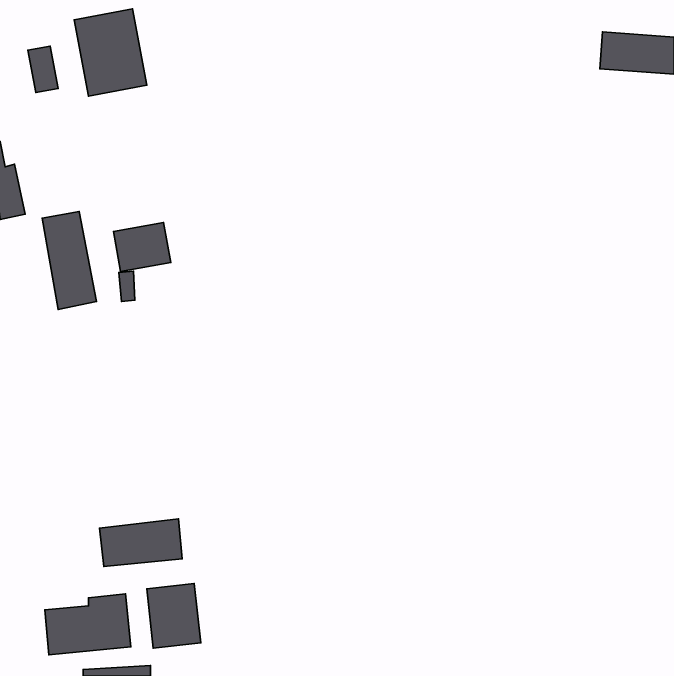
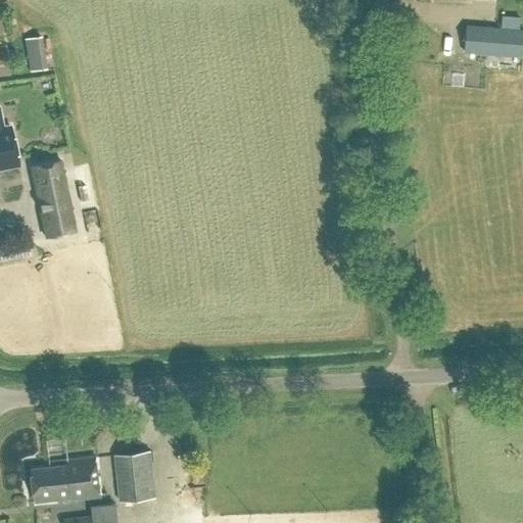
building: [74,9,147,96] -> none
building: [113,223,171,271] -> none
building: [100,519,182,566] -> none

